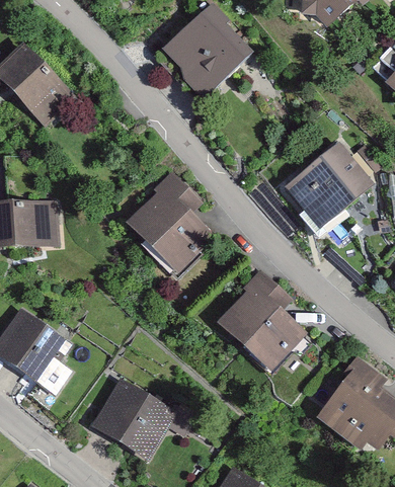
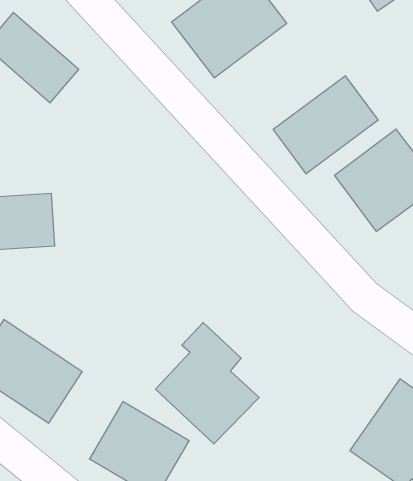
building: none -> [273,76,378,174]
building: [123,169,215,274] -> none
building: [216,267,304,371] -> [156,322,259,444]

